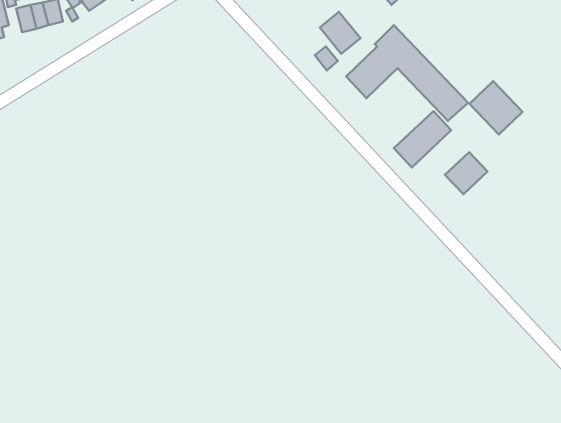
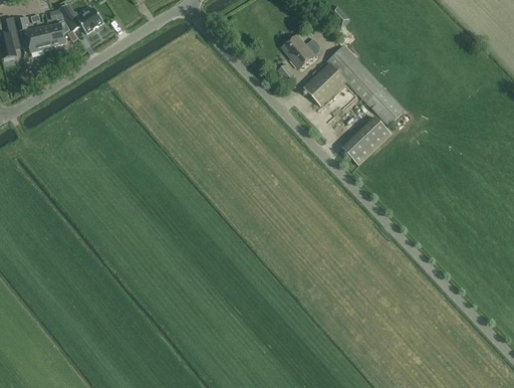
building: [469,81,523,135] -> none
building: [445,152,488,194] -> none

